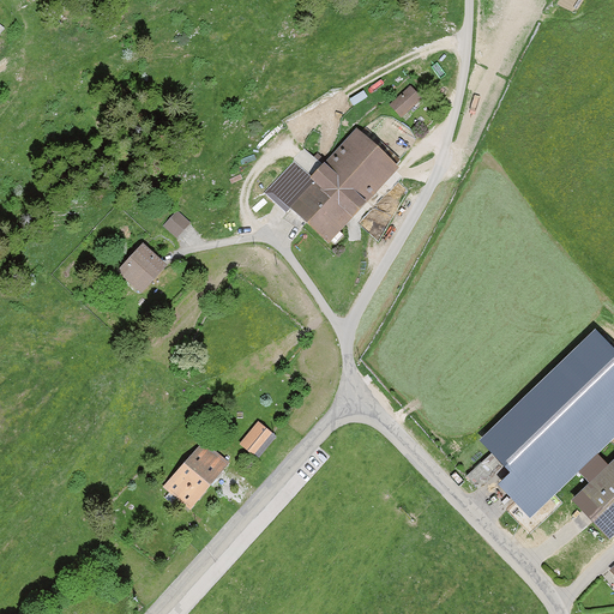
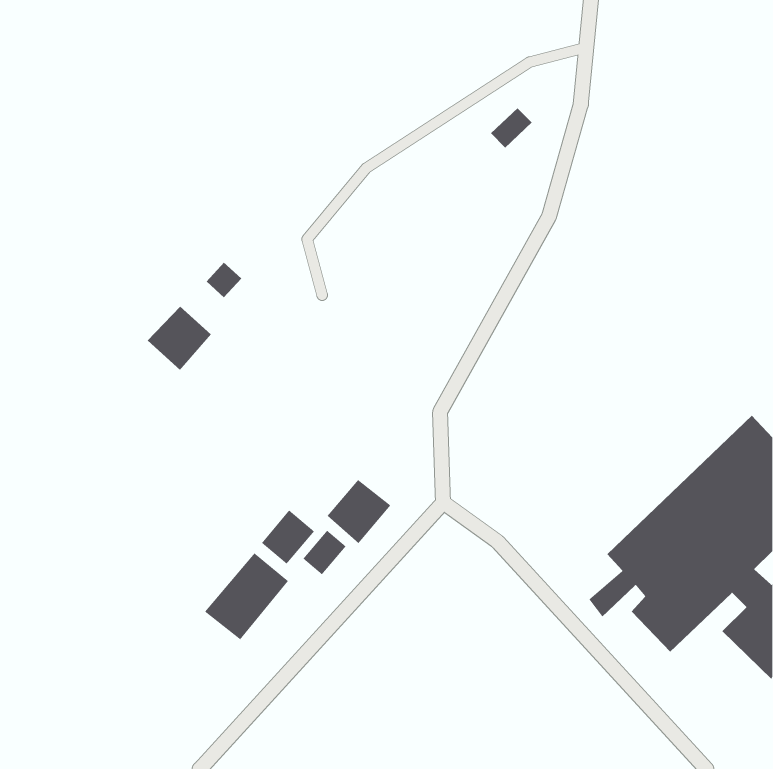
building: [275,130,398,243] -> none
building: none -> [327,479,391,544]
building: none -> [261,510,315,564]

